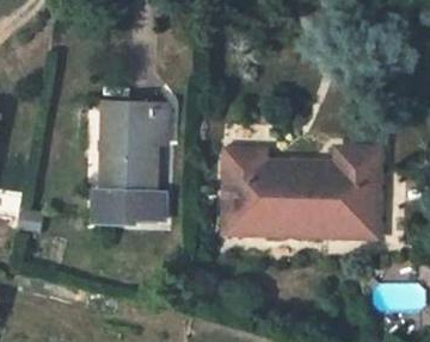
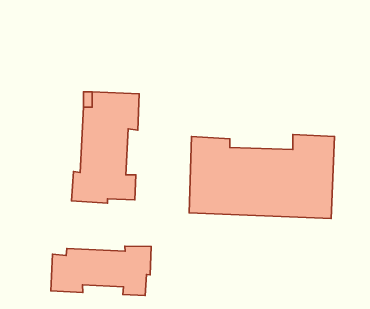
building: none -> [51,246,151,296]

